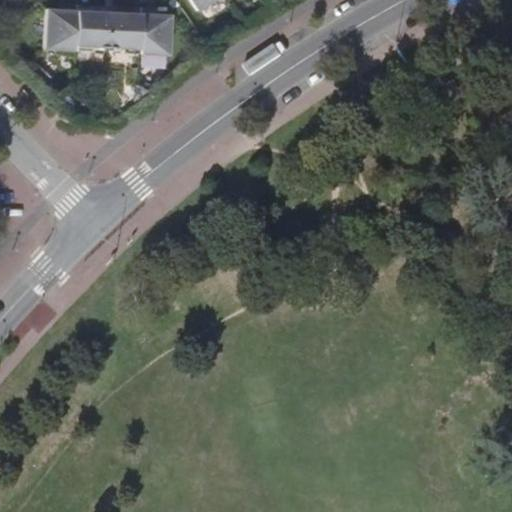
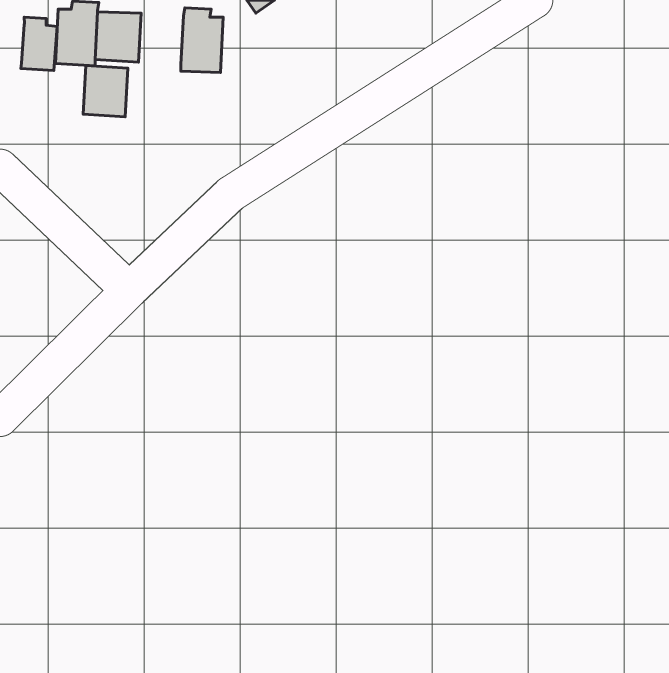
building: [109,11,143,50] -> [83,65,128,117]
building: none -> [21,17,57,70]

